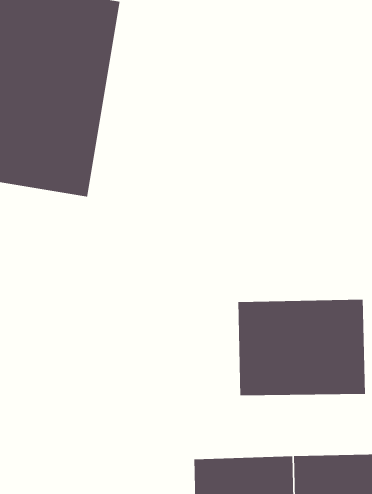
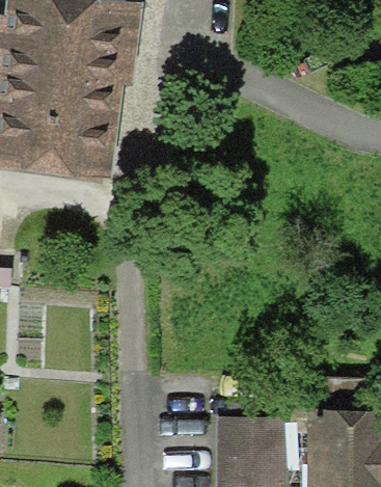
building: [237,299,366,396] -> none

